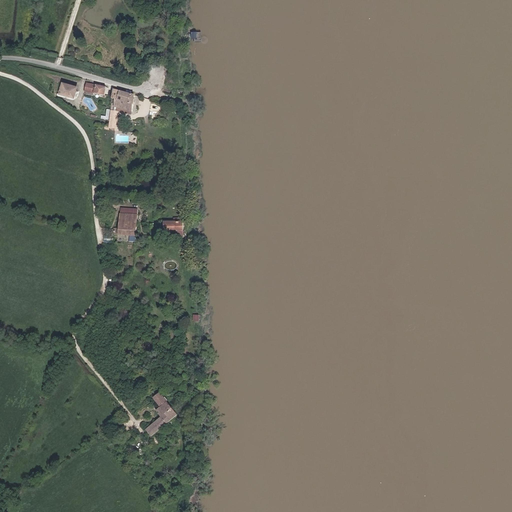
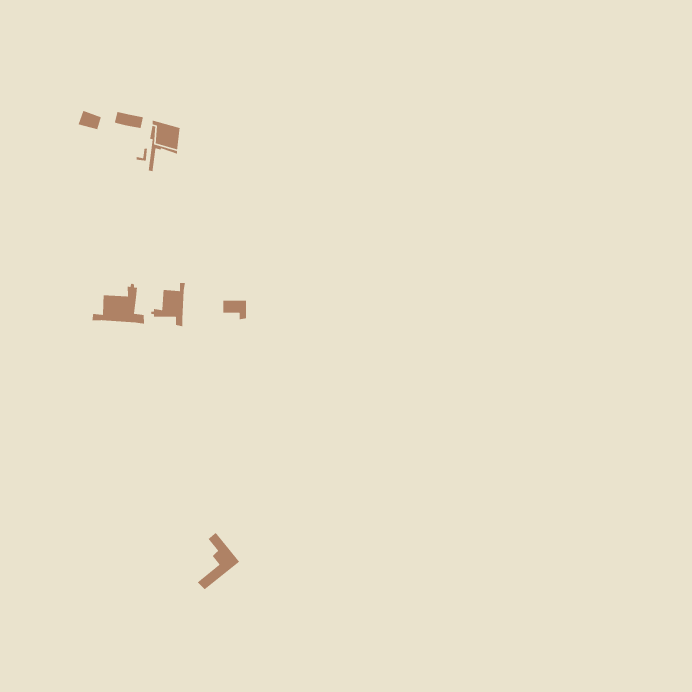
building: none -> [92,282,145,324]

